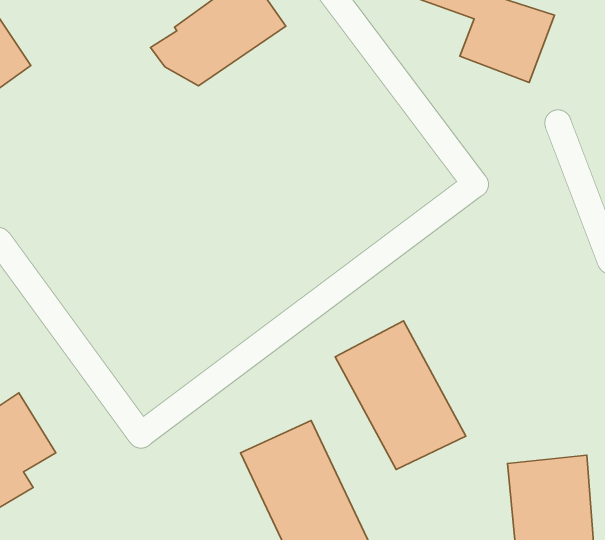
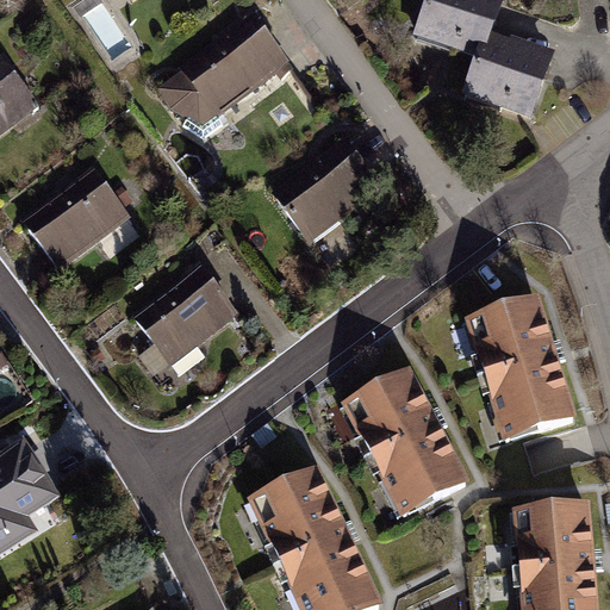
building: none -> [268,141,379,244]
building: none -> [19,170,129,274]
building: none -> [130,267,238,371]
building: none -> [462,288,574,436]

